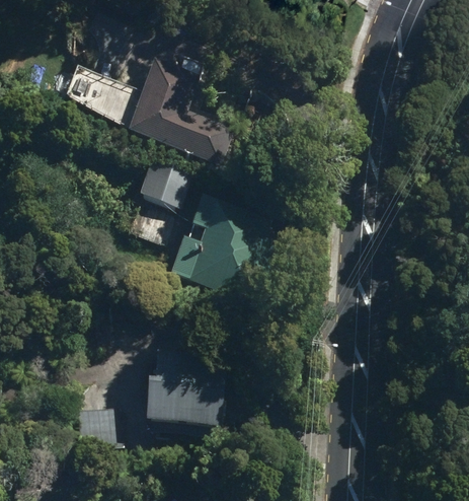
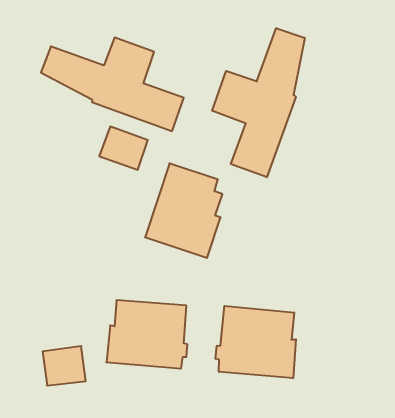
building: none -> [212,28,305,177]
building: none -> [216,306,296,378]

